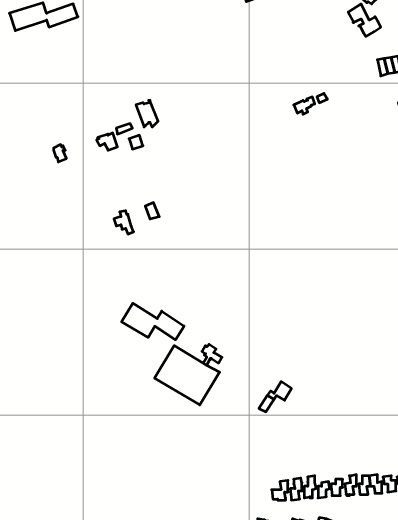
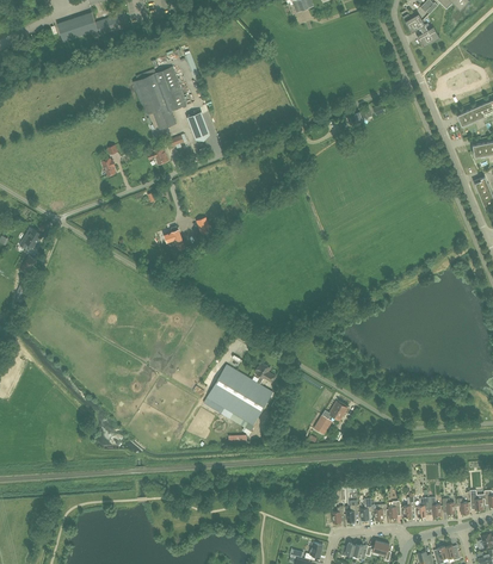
building: none -> [134,67,186,129]
building: [122,303,184,340] -> none

